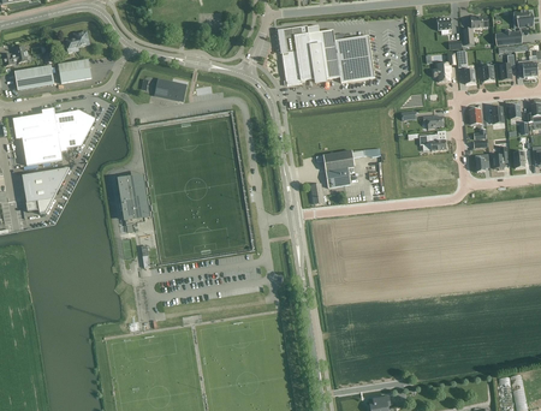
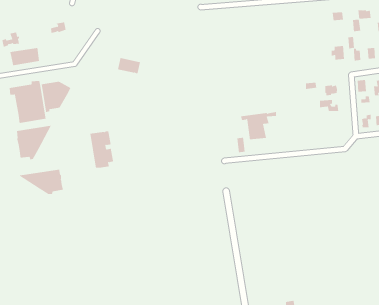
building: [277,25,374,84] -> none
building: [57,59,90,82] -> none
building: none -> [18,169,63,195]

